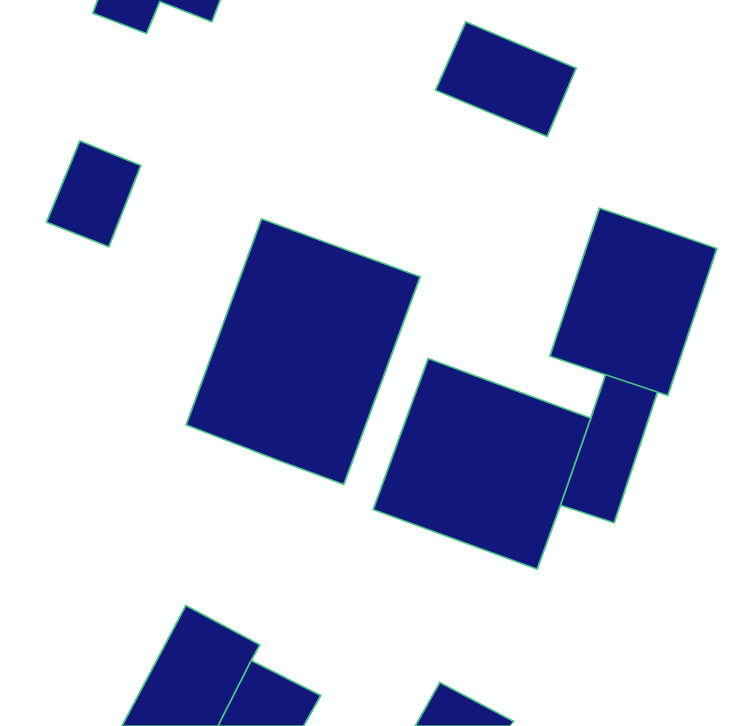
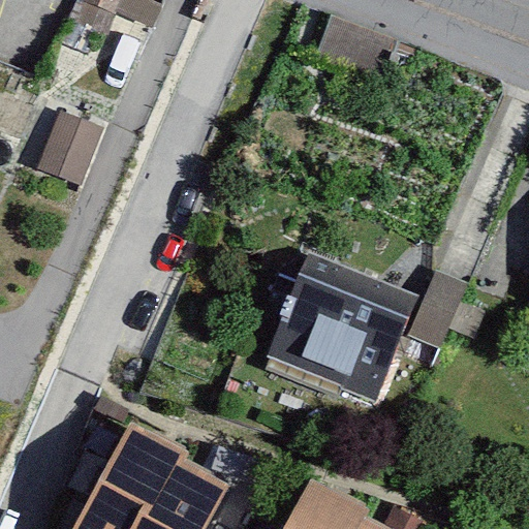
building: [550,208,717,395] -> none
building: [186,219,420,484] -> none

